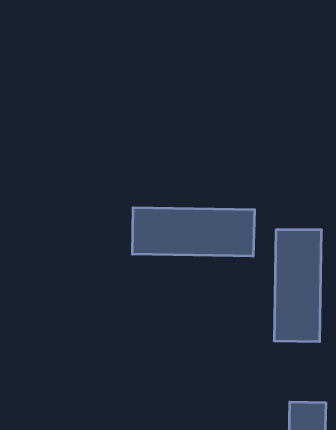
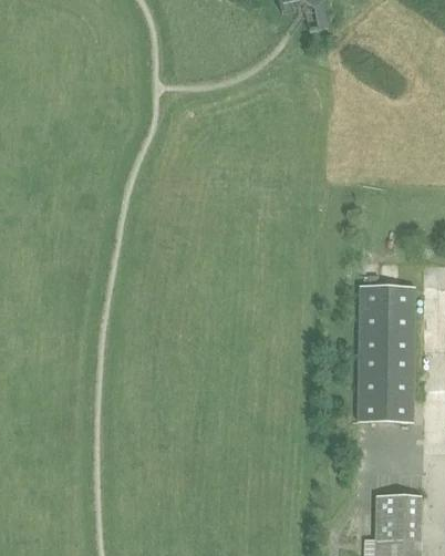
building: [132,208,255,256] -> none

